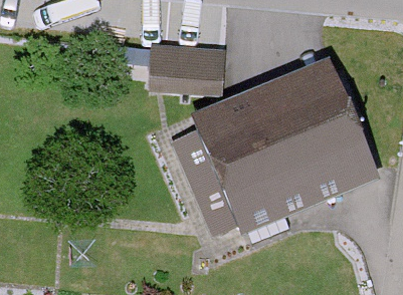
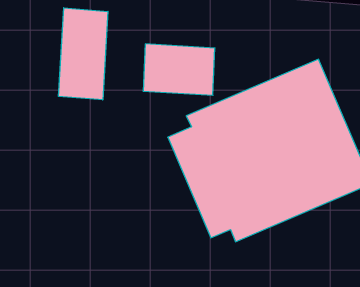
building: none -> [59,8,108,100]

